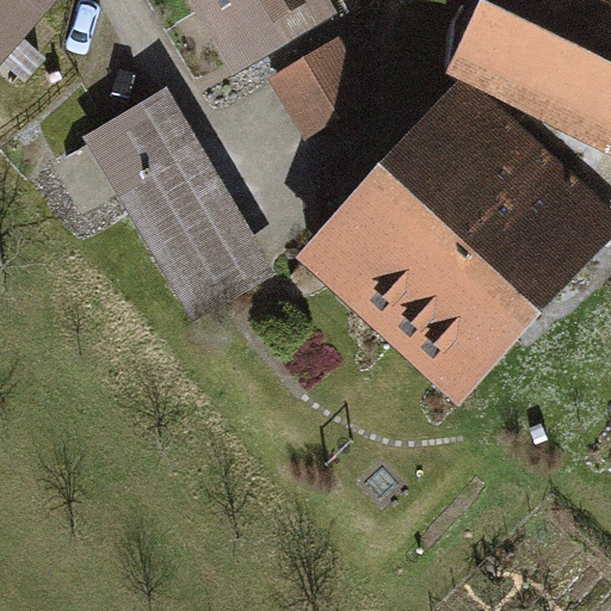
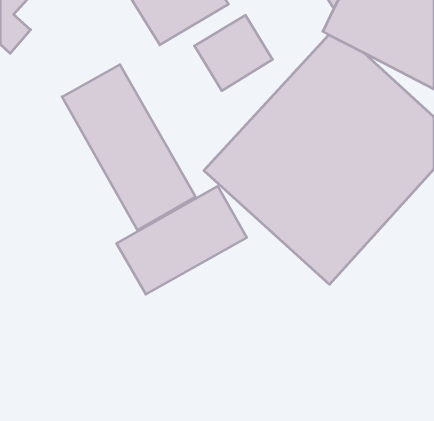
building: none -> [117,186,247,294]

